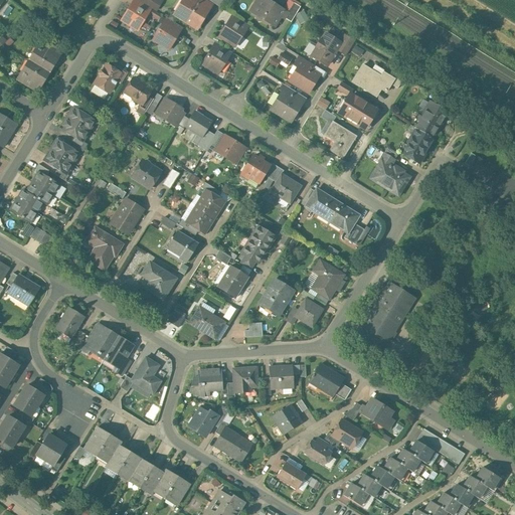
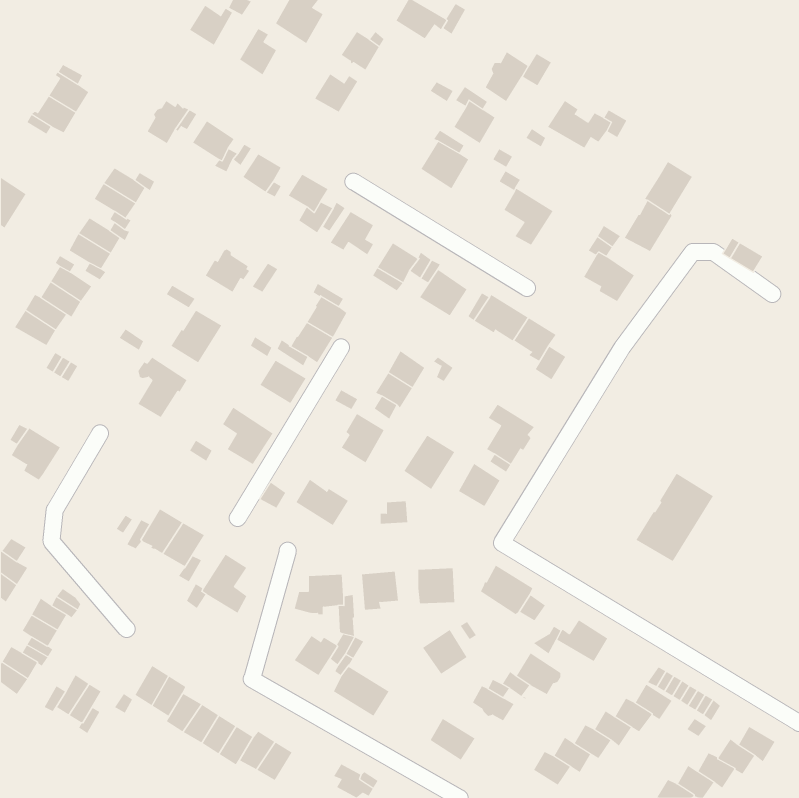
building: [341,95,375,127] -> none
building: [363,283,413,340] -> [636,473,714,562]
building: [55,307,84,338] -> none

